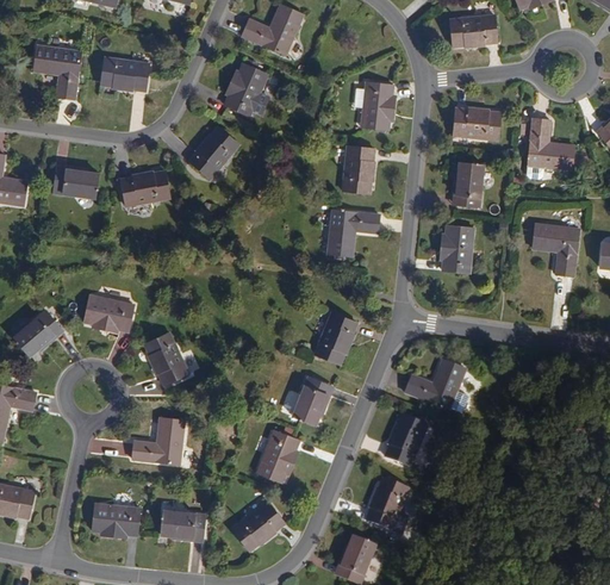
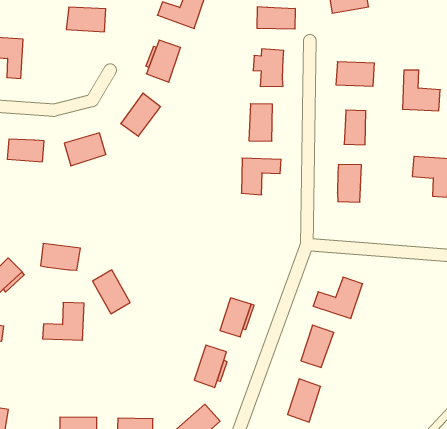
building: none -> [257,7,295,29]
building: [102,57,151,89] -> [66,7,106,32]
building: [315,312,356,363] -> none
building: [132,419,185,466] -> [43,303,84,340]

